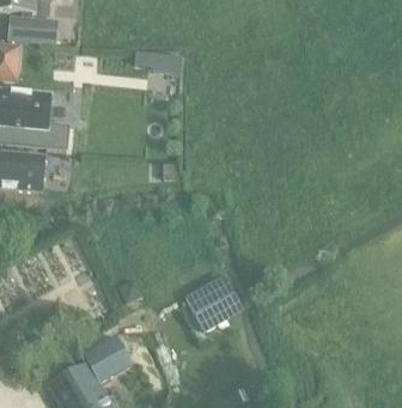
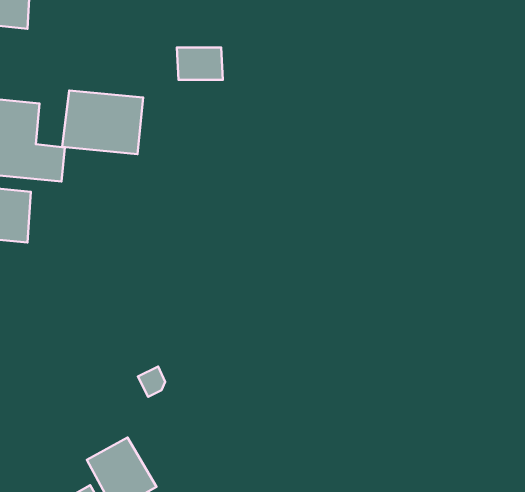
building: none -> [62,90,143,154]
building: [185,282,229,329] -> none

